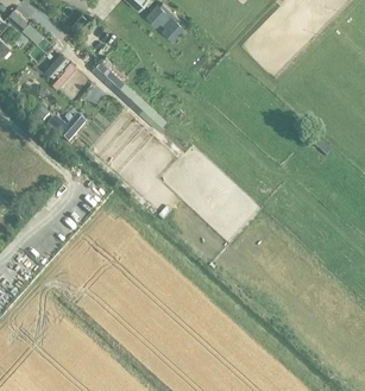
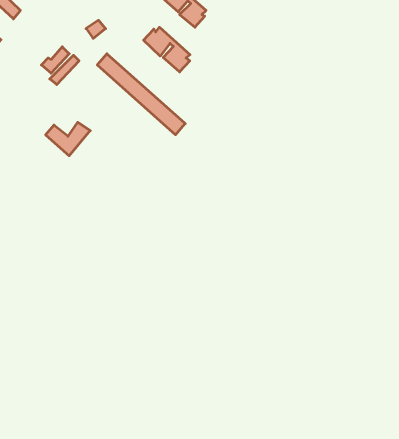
building: none -> [144,27,190,72]

